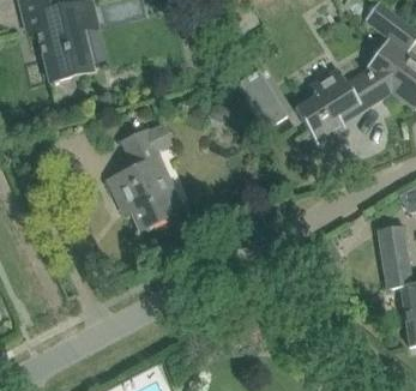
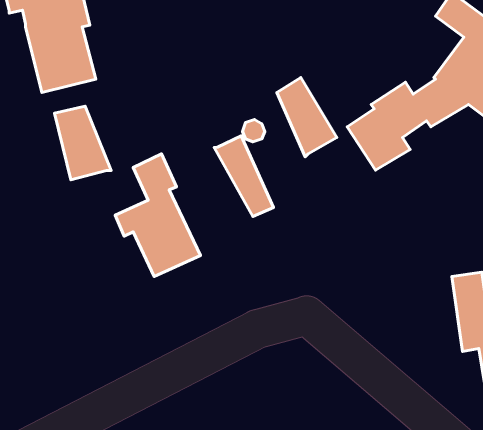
building: none -> [54,106,111,180]
building: none -> [214,136,274,216]

